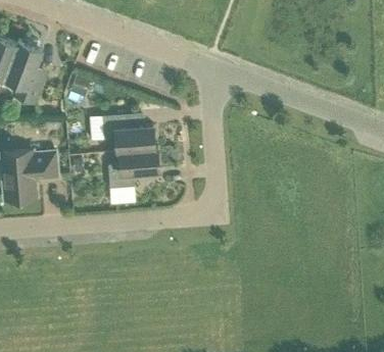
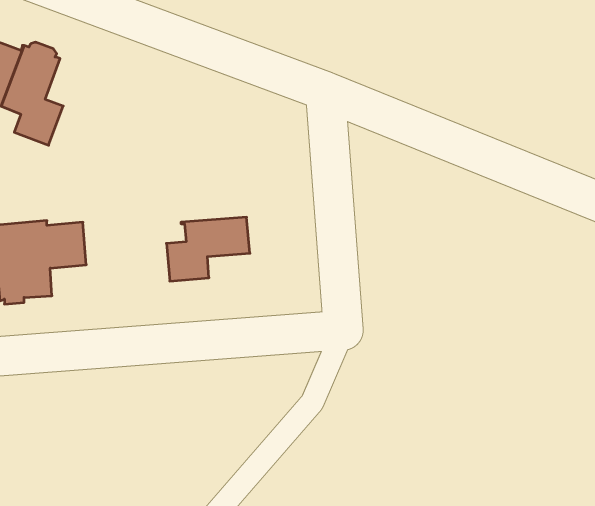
building: [102,114,158,151] -> none

